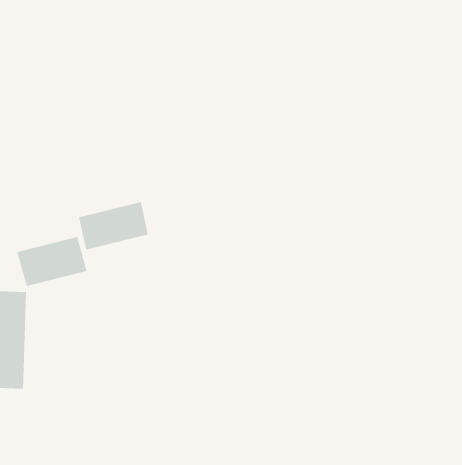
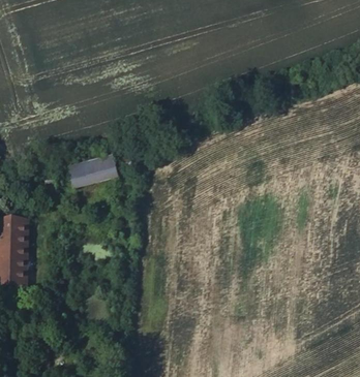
building: [17,236,87,287] -> none

